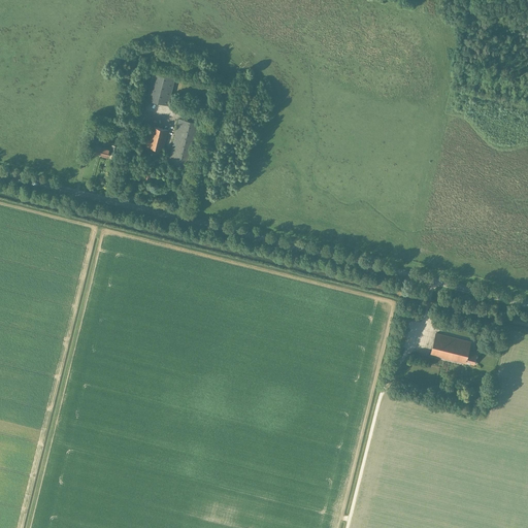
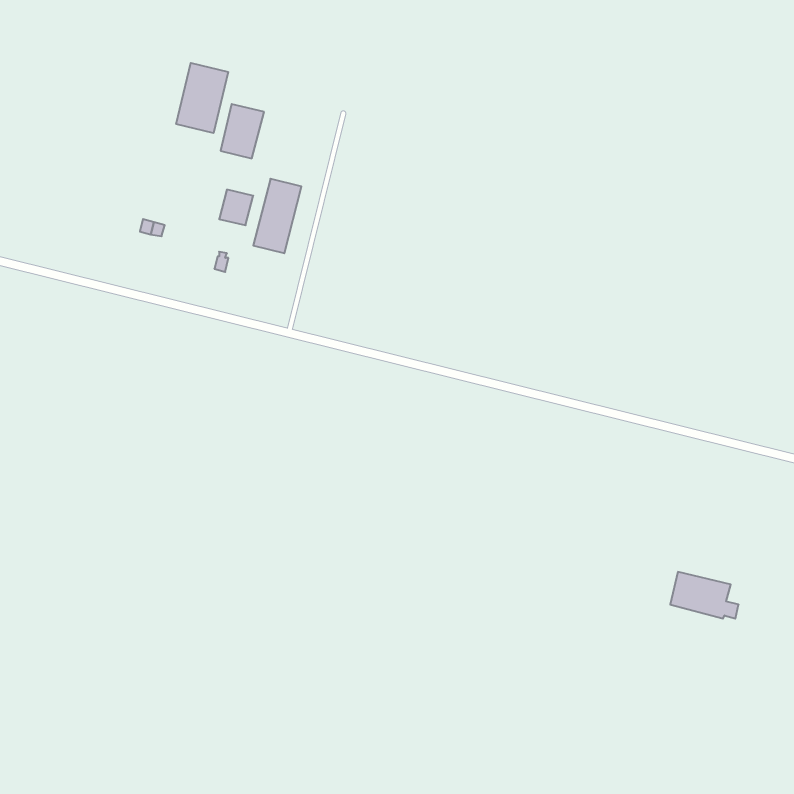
building: none -> [176,63,228,133]
building: [431,333,476,364] -> [670,572,739,619]

